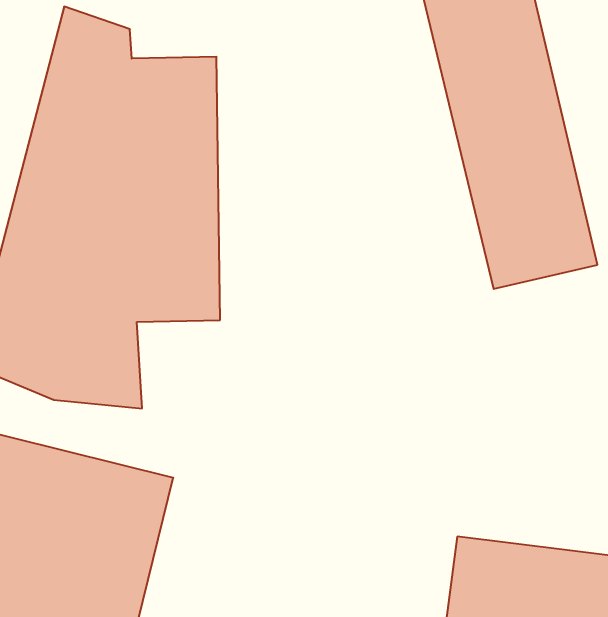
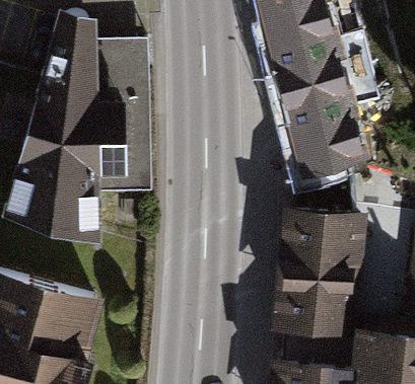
building: none -> [284,209,363,328]

